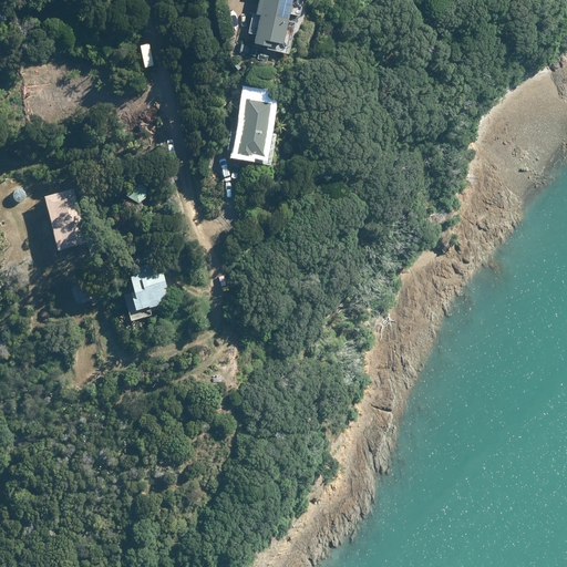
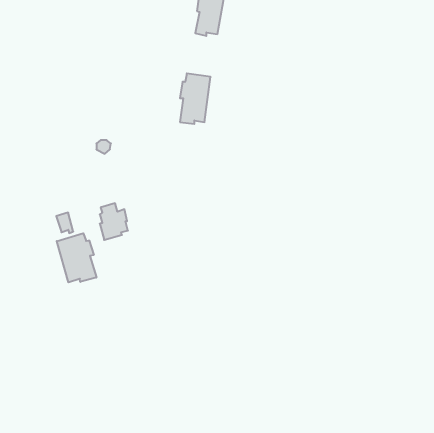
building: [43,188,86,249] -> none
building: none -> [57,233,96,282]

